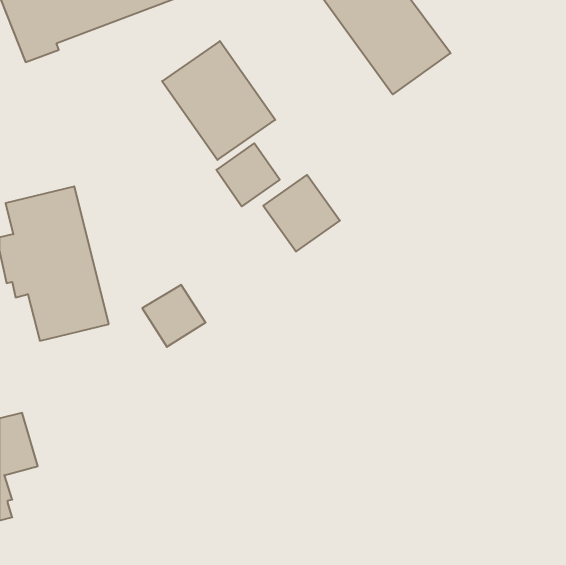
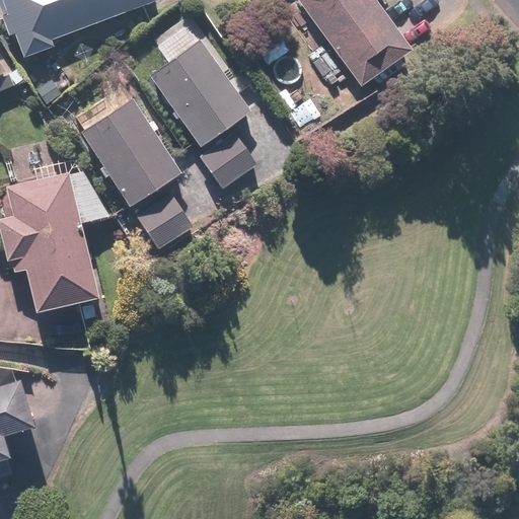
building: none -> [79,96,182,207]
building: [263,175,340,252] -> none
building: [142,285,206,347] -> [134,191,192,247]

